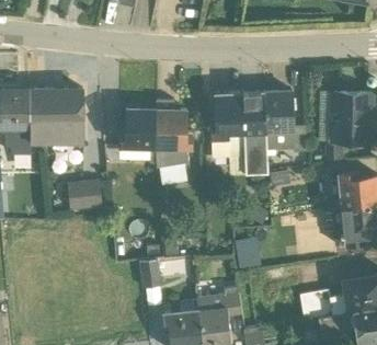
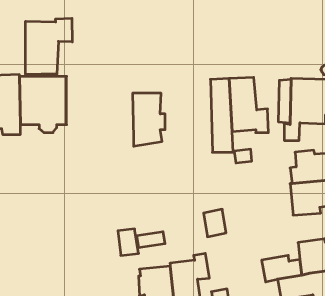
building: none -> [26,18,72,74]
building: [208,93,244,175] -> none
building: [116,107,157,160] -> none
building: [68,180,102,210] -> none

